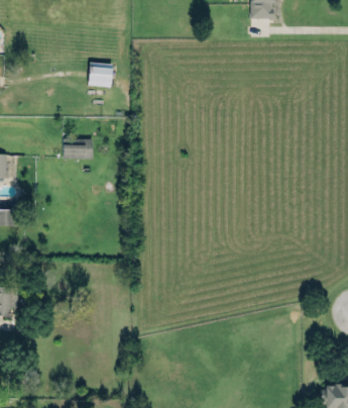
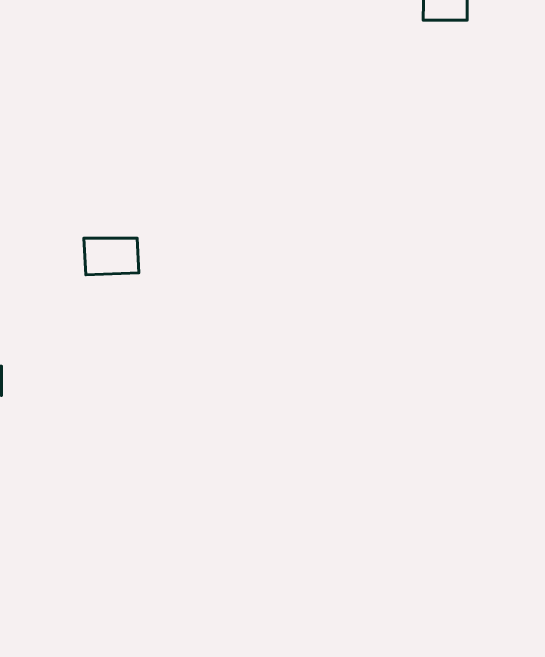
building: [89,63,113,87] -> none

